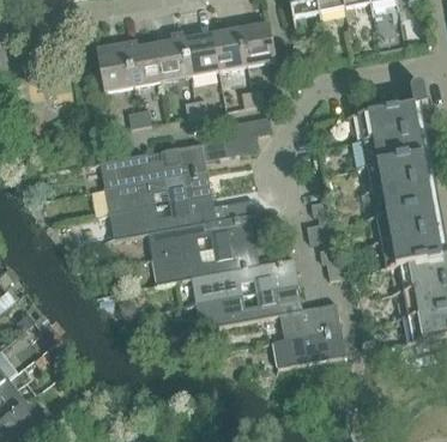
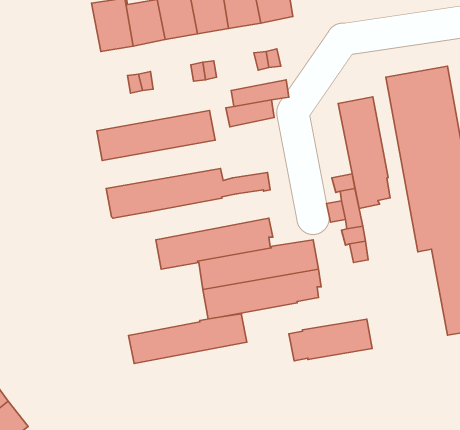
building: none -> [338,97,390,208]
building: [105,168,211,211] -> none
building: [149,212,254,256] -> [129,314,247,364]
building: [279,301,342,337] -> none

